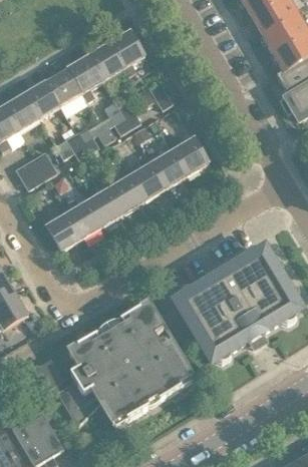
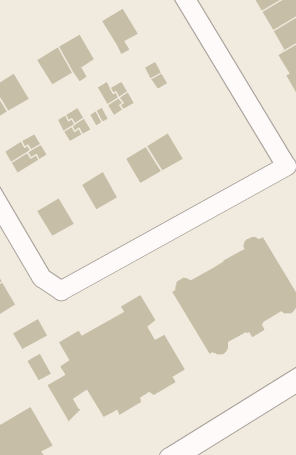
building: [88,43,123,79] -> none
building: [25,80,61,117] -> none
building: [173,137,208,174] -> none
building: [110,167,145,211] -> none
building: [68,199,103,237] -> none
building: none -> [12,318,48,350]

